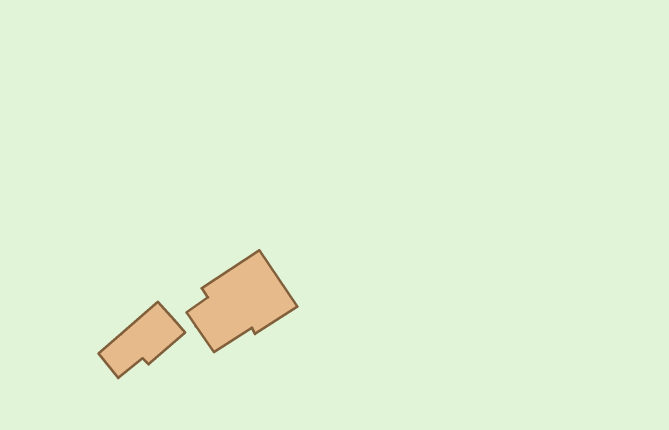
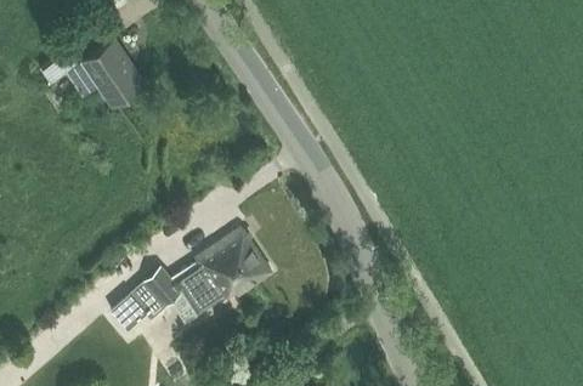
building: none -> [39,41,142,106]

